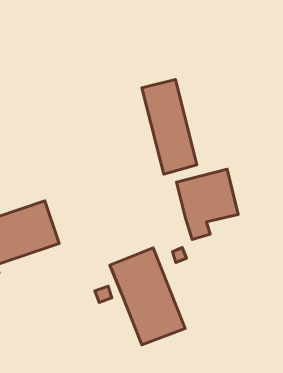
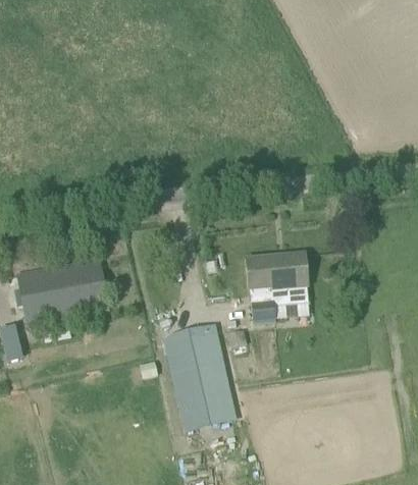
building: [142,80,197,174] -> none

